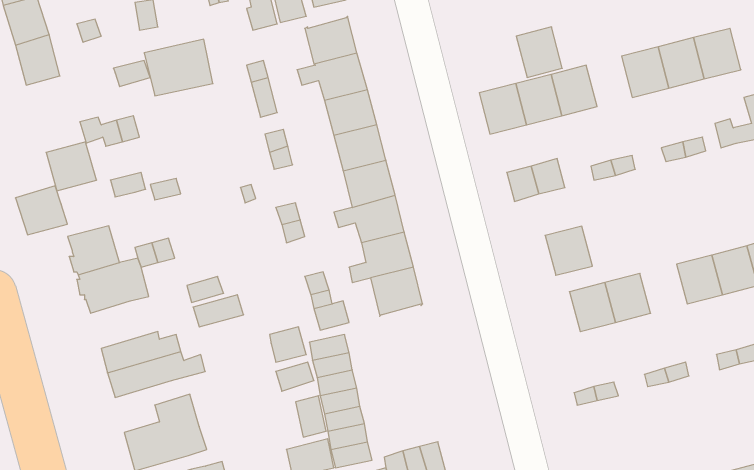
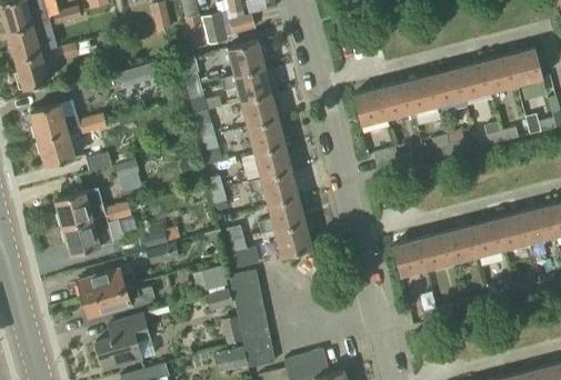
building: [516,27,562,77] -> [431,69,464,106]
building: [15,186,67,235] -> [30,103,68,139]
building: [545,226,592,275] -> [392,240,427,276]
building: none -> [470,220,504,256]

